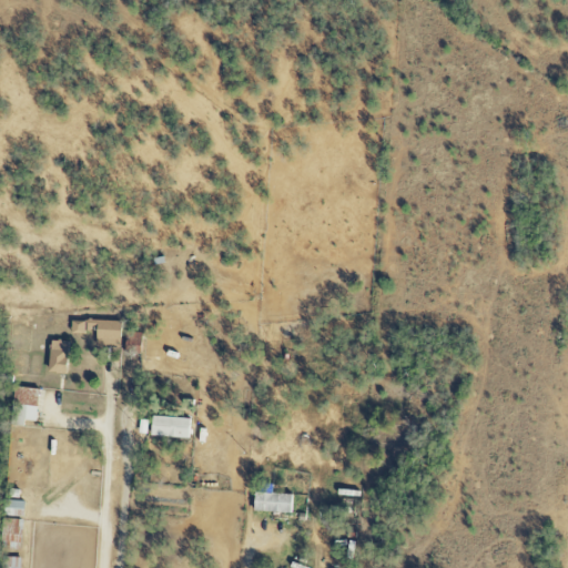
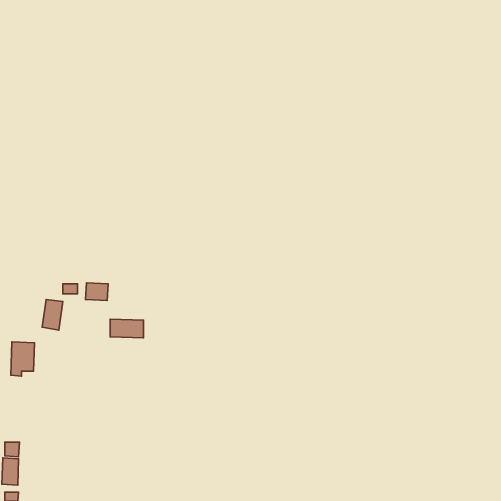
building: [152,415,190,436] -> [110,319,143,338]
building: [254,491,292,511] -> none

